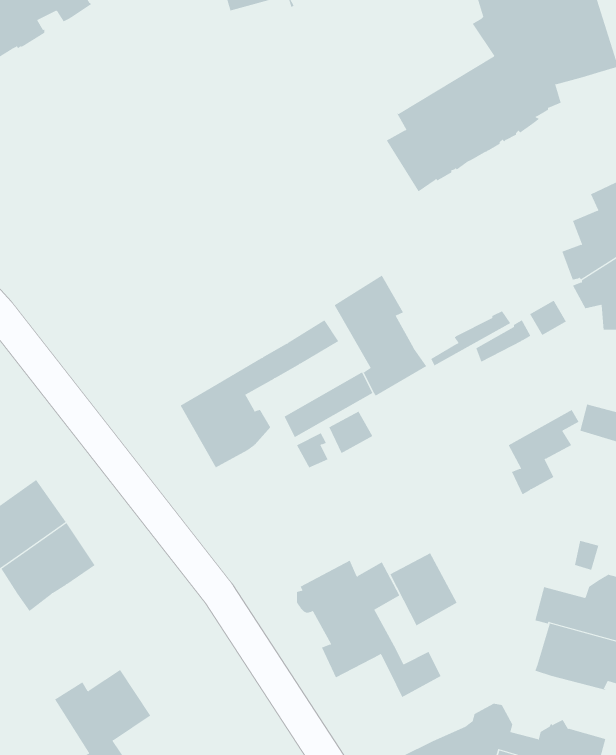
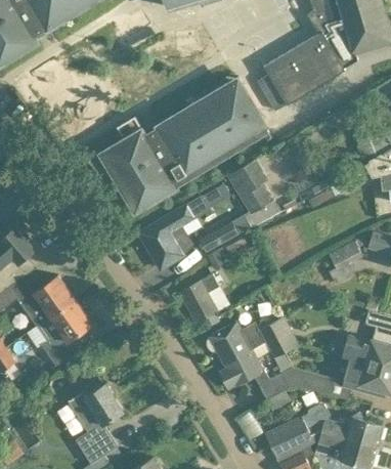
building: none -> [87,84,267,215]
building: none -> [181,274,219,322]
building: none -> [281,368,330,394]

